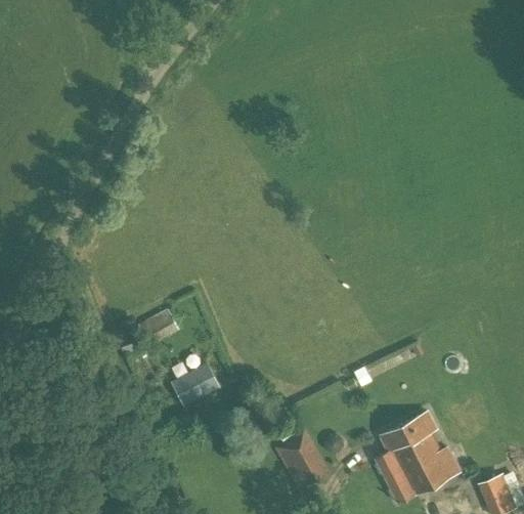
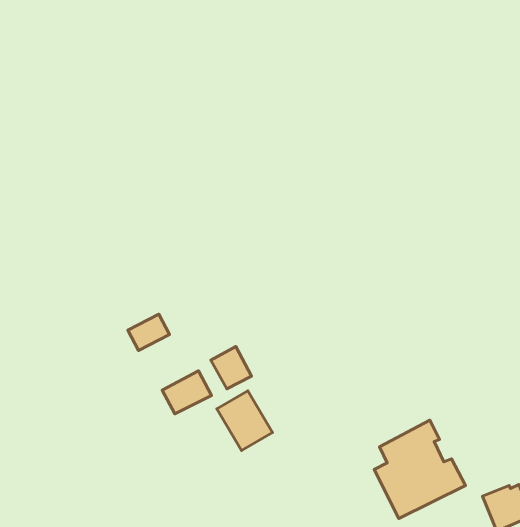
building: none -> [211,347,252,389]
building: [275,431,329,488] -> [217,391,273,451]

